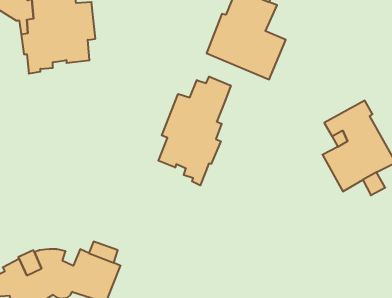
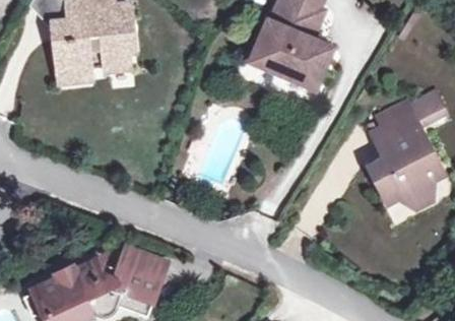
building: [158,77,231,185] -> none

